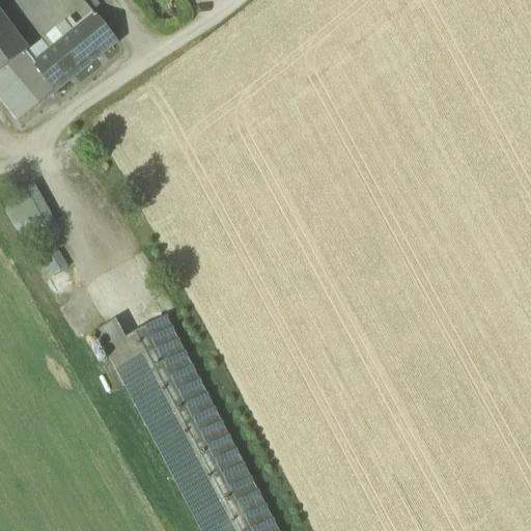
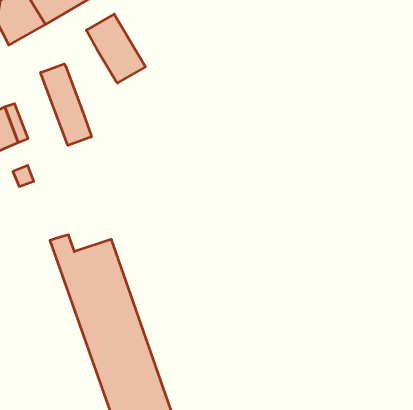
building: none -> [86,14,145,83]
building: none -> [41,64,91,145]

